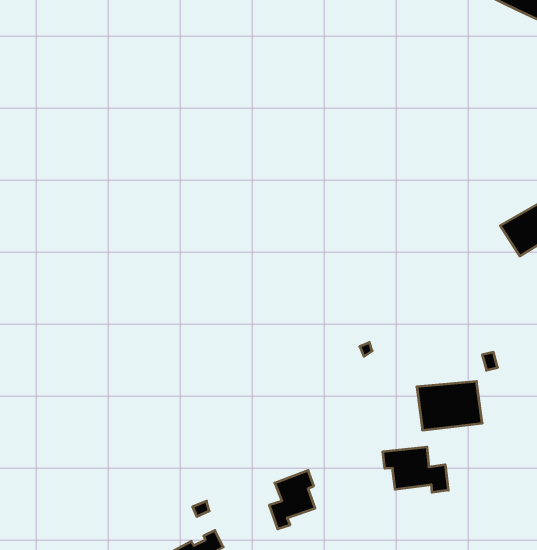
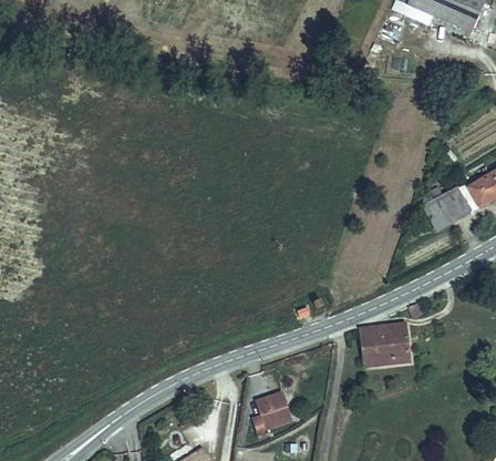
building: [383,447,448,492] -> none

